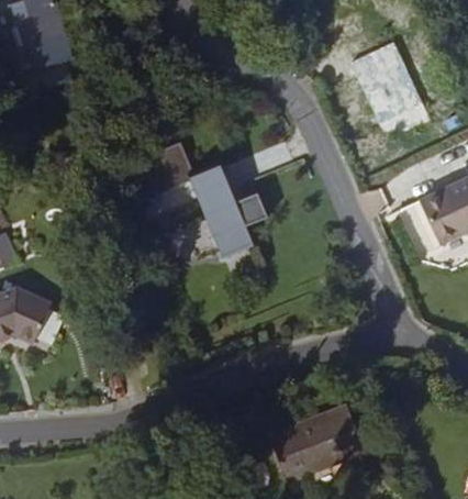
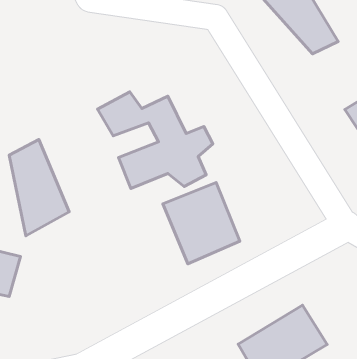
building: none -> [9,139,69,236]
building: none -> [163,182,240,264]

